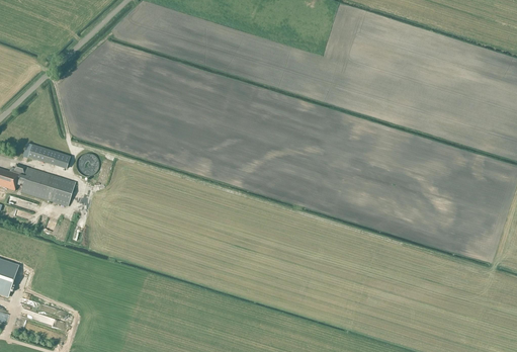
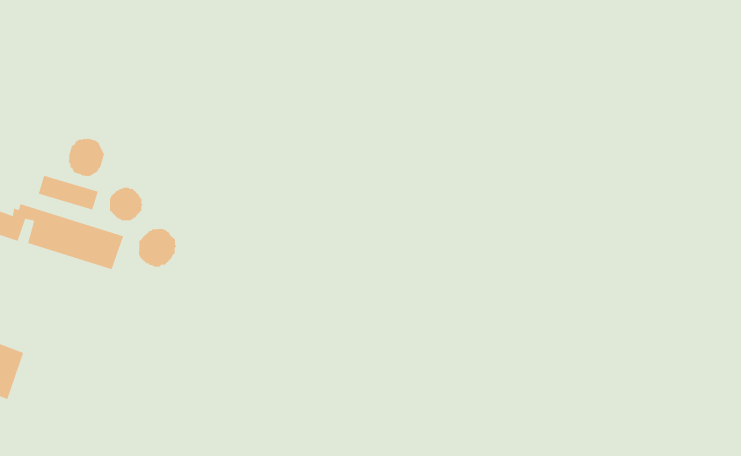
building: none -> [68,138,105,177]
building: none -> [138,228,177,267]

